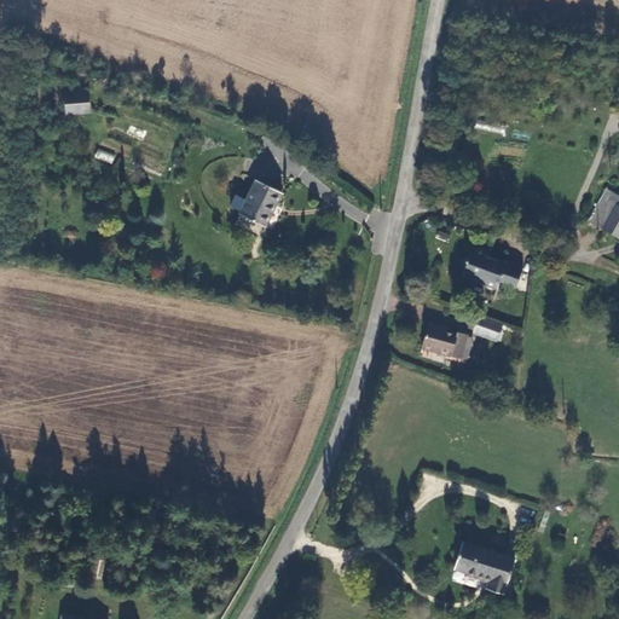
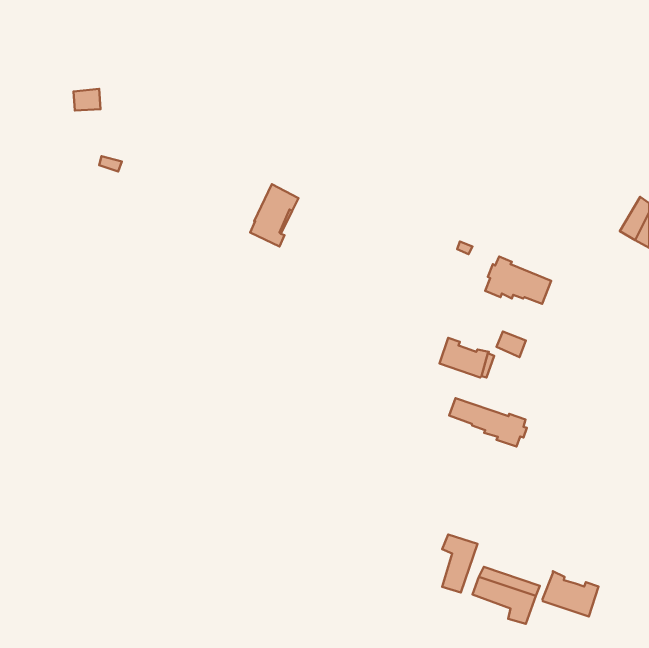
building: none -> [449,398,527,446]
building: none -> [442,535,477,593]
building: none -> [543,571,598,616]

